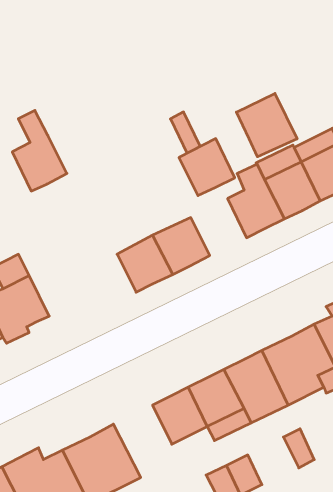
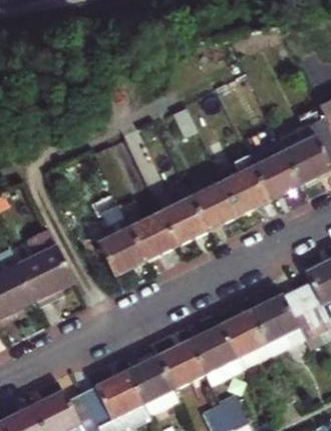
building: [236,93,297,157] -> none
building: [12,110,67,191] -> [100,205,146,274]
building: [179,139,235,196] -> [193,179,240,228]
building: none -> [127,354,183,415]

